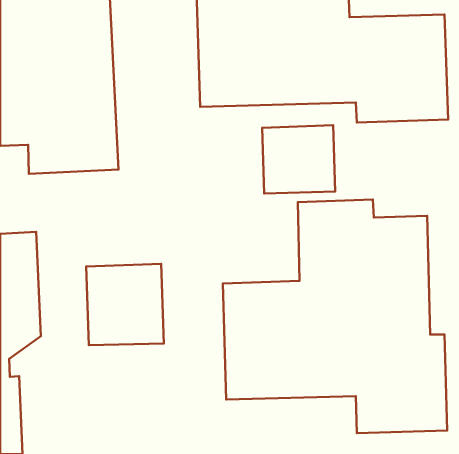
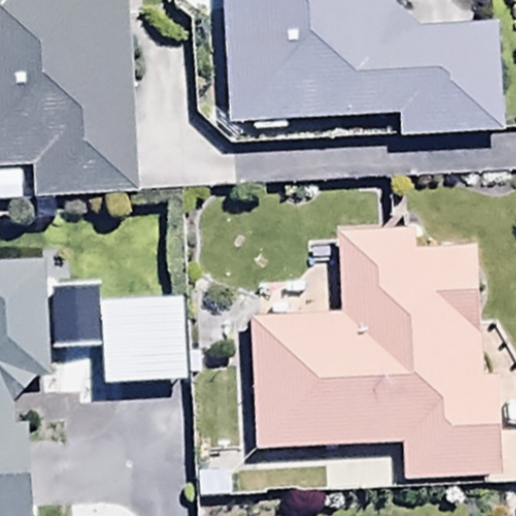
building: [262,125,335,193] -> none

